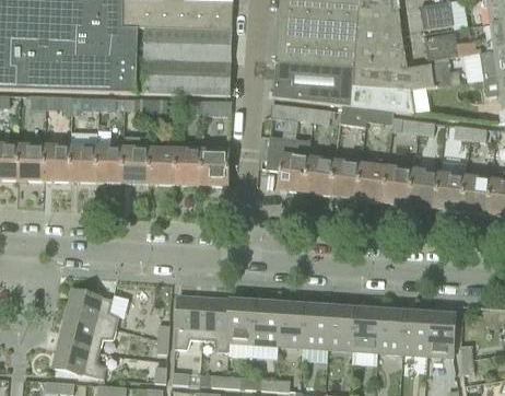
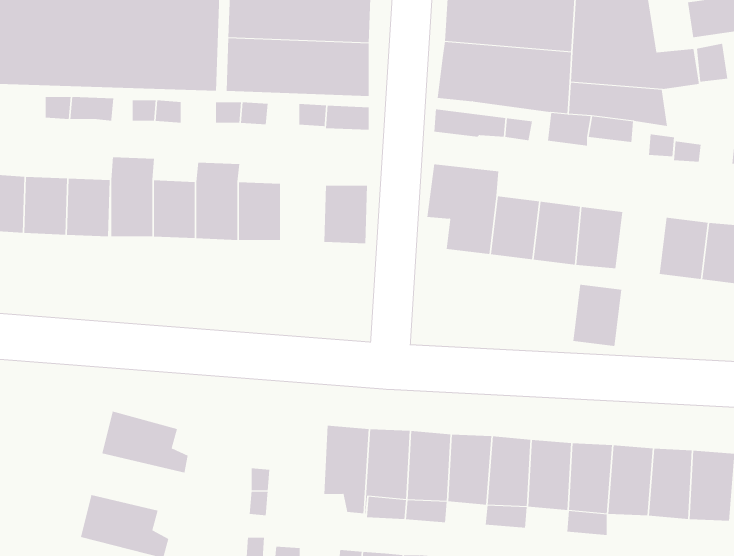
building: [175,148,202,184] -> none
building: [381,165,412,203] -> [573,284,622,346]
building: [174,295,203,348] -> none
building: [58,314,116,349] -> none

